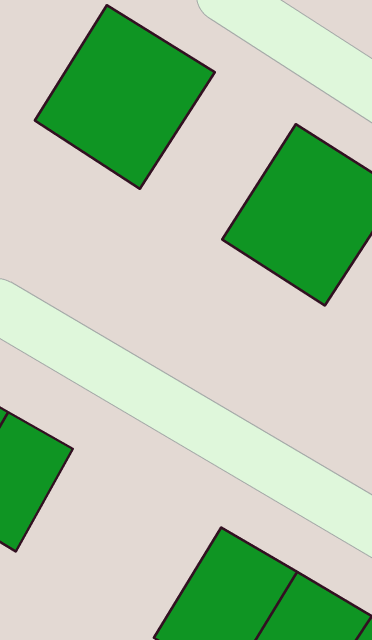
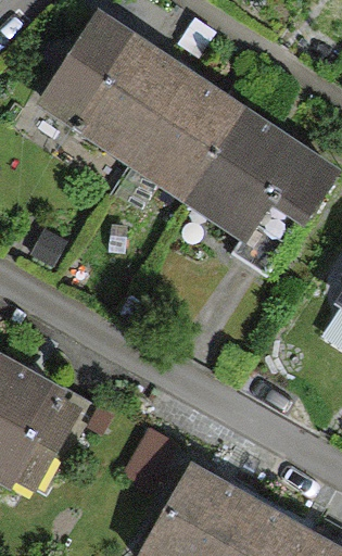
building: none -> [123,67,256,211]

